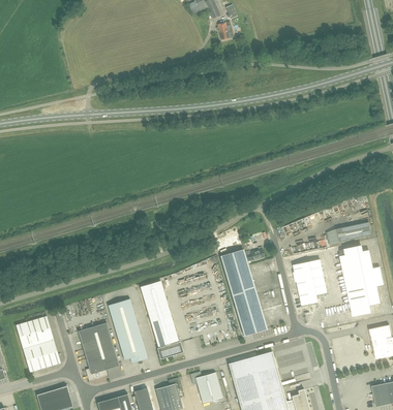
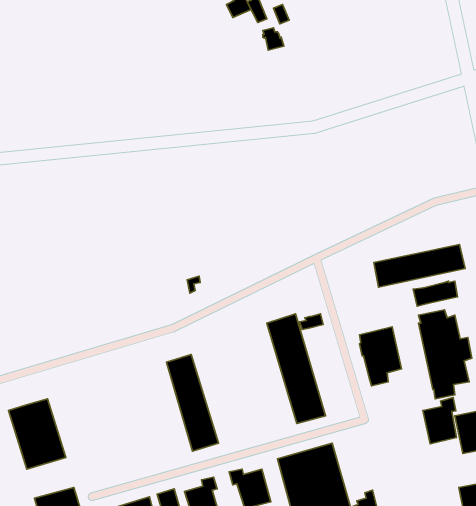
building: none -> [374,244,465,287]
building: [109,298,148,364] -> none
building: none -> [423,397,457,444]
building: [79,322,120,381] -> none

